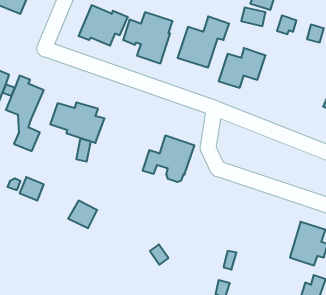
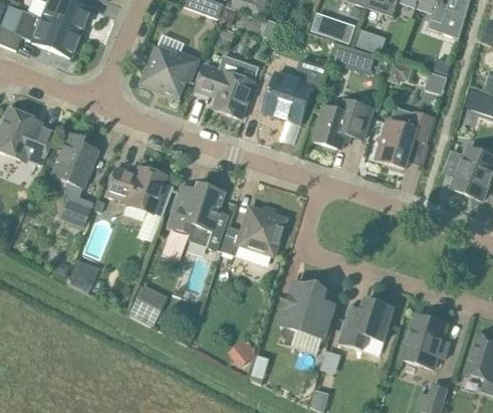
building: none -> [378,107,432,167]
building: none -> [167,183,232,252]
building: none -> [281,282,334,338]
building: none -> [337,297,395,349]

